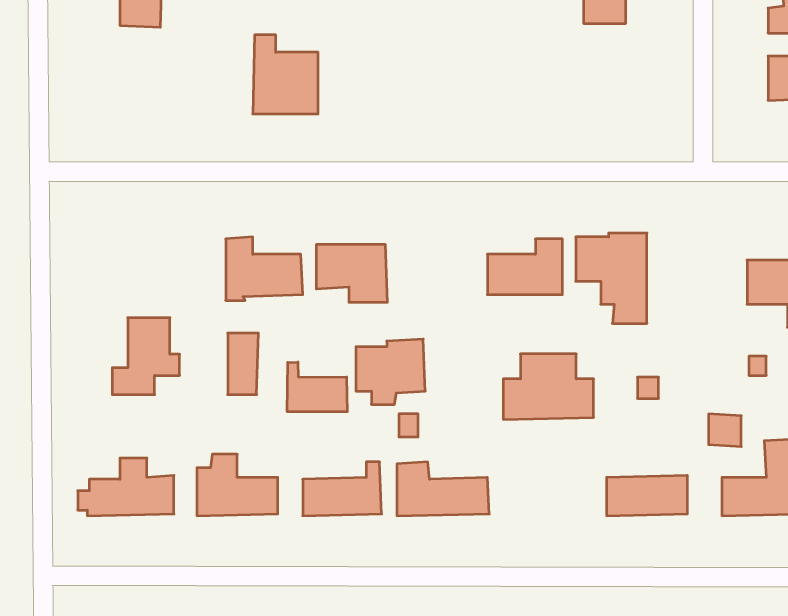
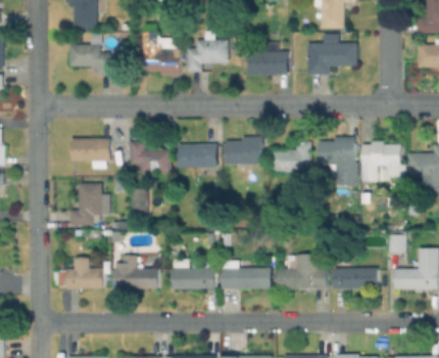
building: none -> [187,31,228,72]
building: none -> [307,43,355,74]
building: none -> [69,44,110,75]
building: none -> [248,52,287,75]
building: none -> [71,137,110,167]
building: none -> [361,142,400,179]
building: [356,339,425,404] -> [226,136,262,171]
building: [503,354,594,419] -> [278,255,326,289]
building: [287,362,347,412] -> none

